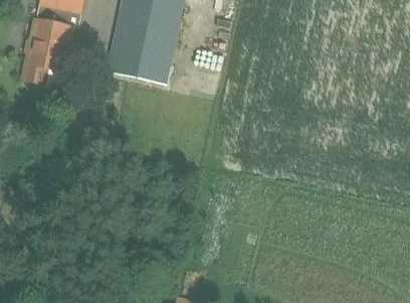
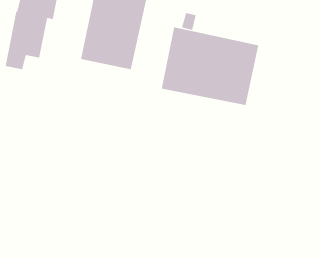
building: none -> [161,27,259,106]

